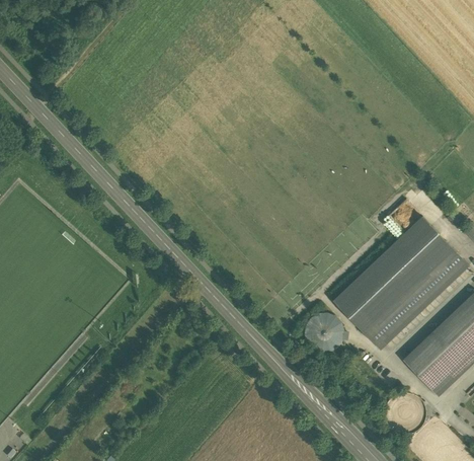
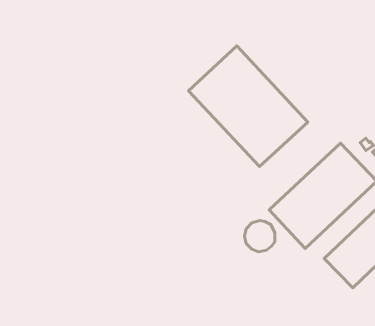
building: none -> [189,46,308,166]

